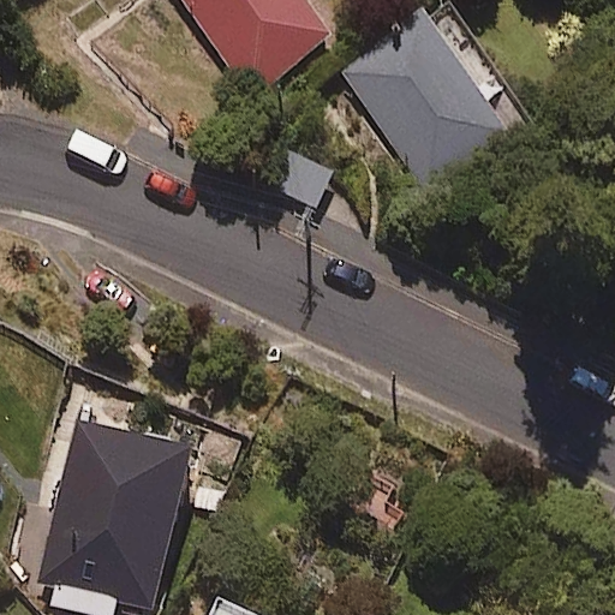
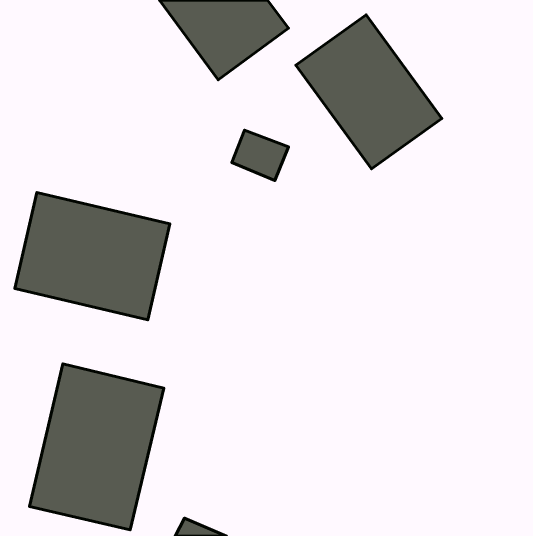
building: none -> [15,192,170,320]

